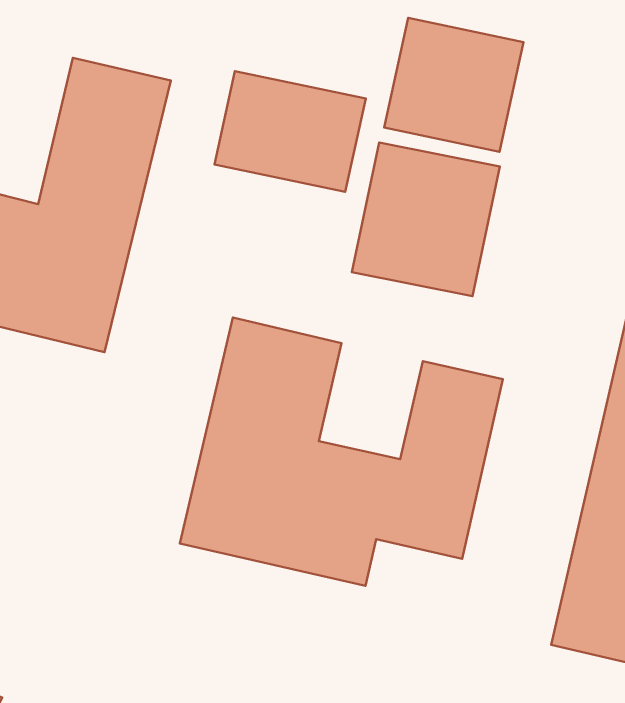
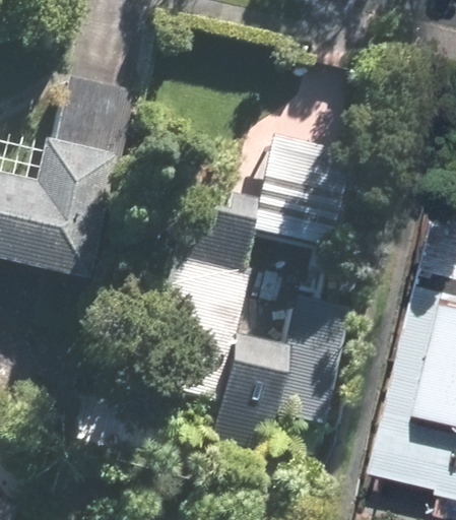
building: [384,18,523,152] -> none
building: [214,71,366,192] -> none

